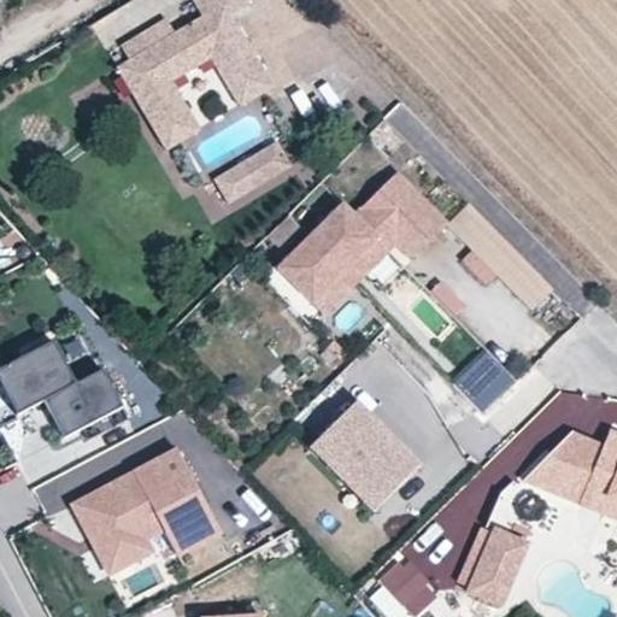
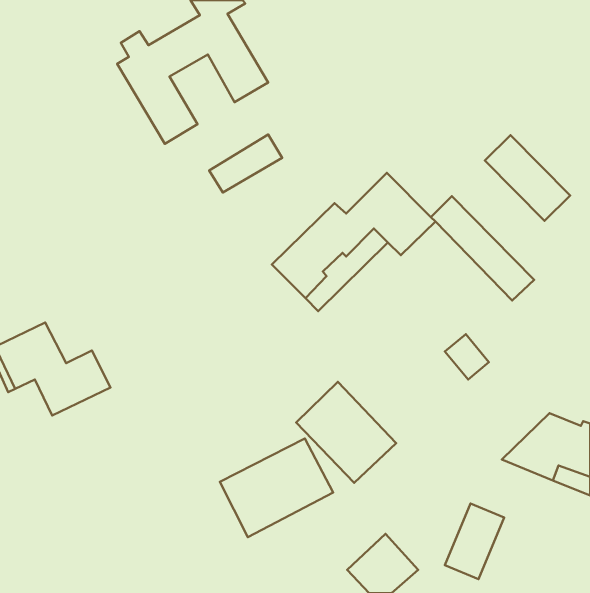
building: none -> [485,135,570,221]
building: [67,449,216,575] -> none
building: none -> [220,438,333,537]

